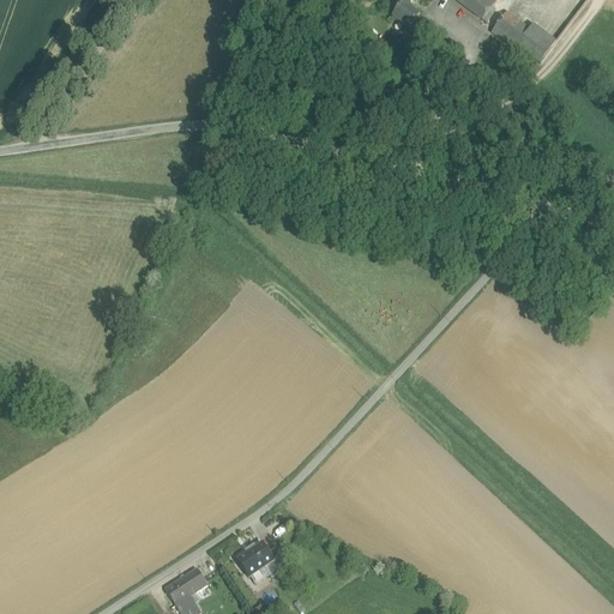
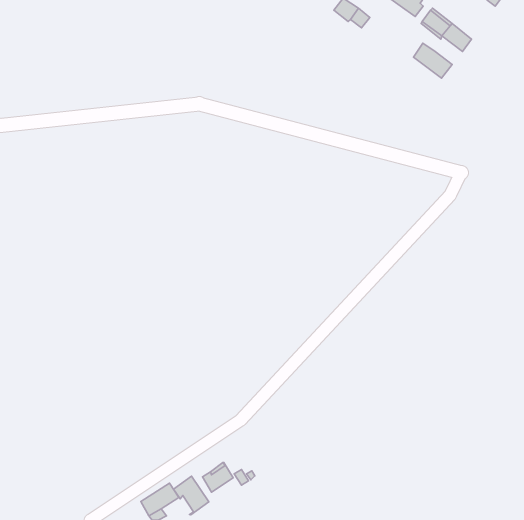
building: none -> [414,43,452,78]
building: none -> [174,476,209,515]

